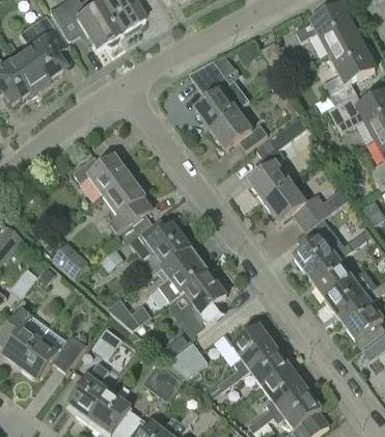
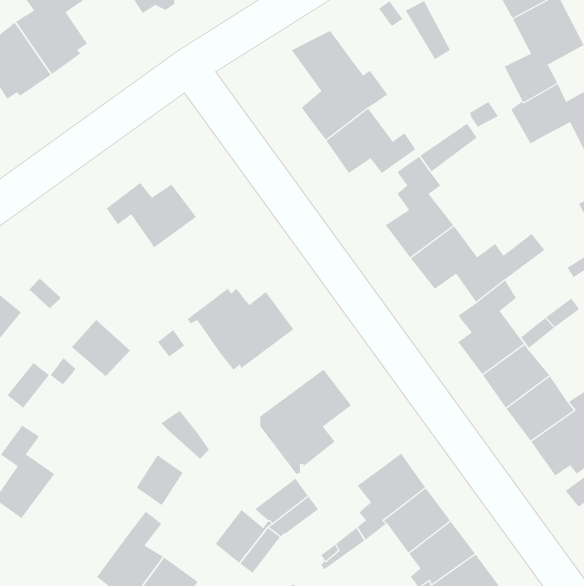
building: [103,176,149,241] -> none
building: [158,247,210,302] -> none
building: [20,332,84,379] -> none

